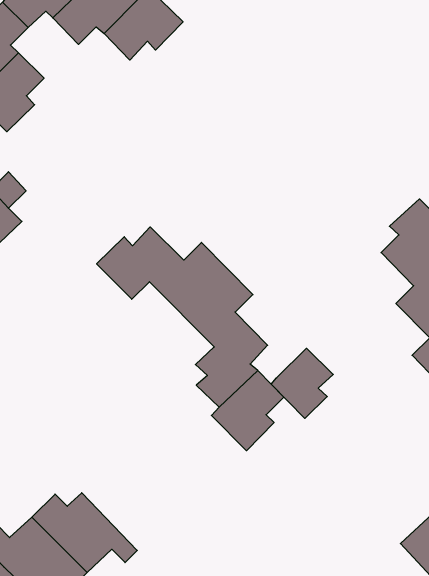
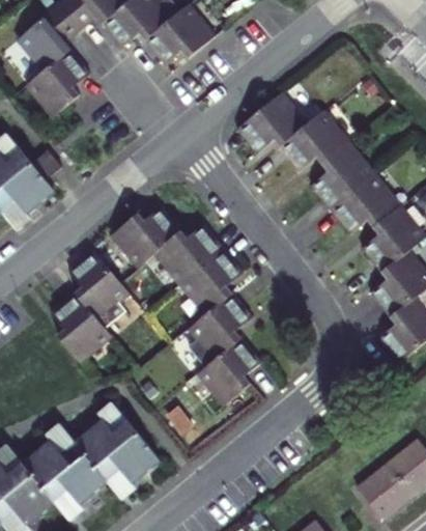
building: none -> [236,93,398,233]
building: none -> [55,249,133,361]
building: [271,348,333,418] -> none
building: none -> [85,404,157,481]

